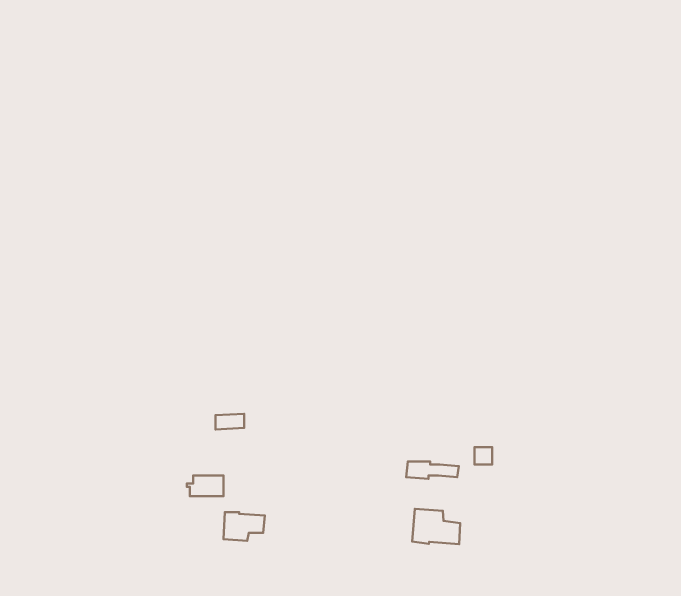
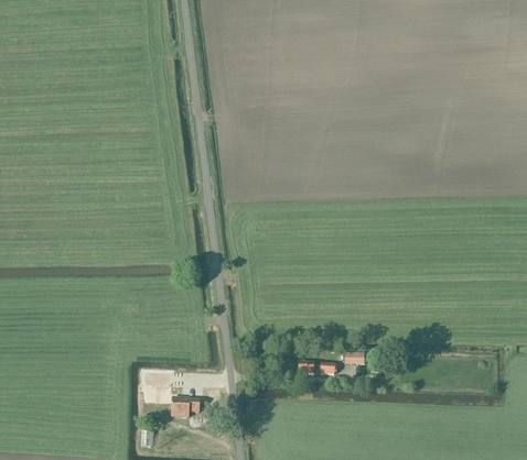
building: [412,509,460,544] -> none

